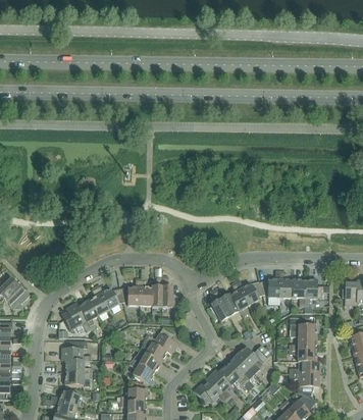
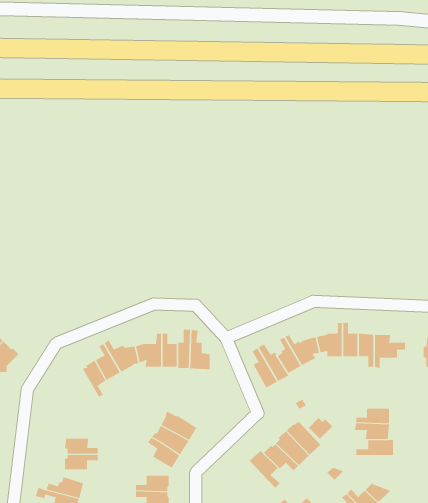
building: [63,303,91,331] -> none
building: [290,319,316,337] -> none
building: [144,328,176,355] -> none
building: [61,342,91,361] -> none
building: [289,374,319,395] -> none
building: [194,378,227,404] -> none

